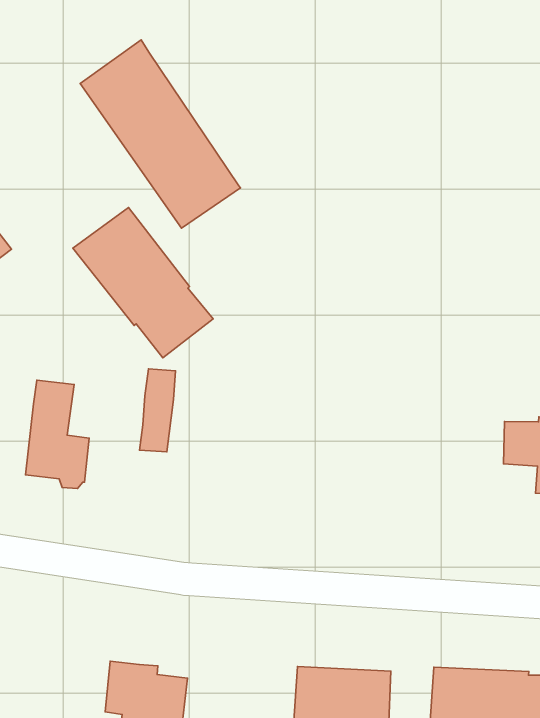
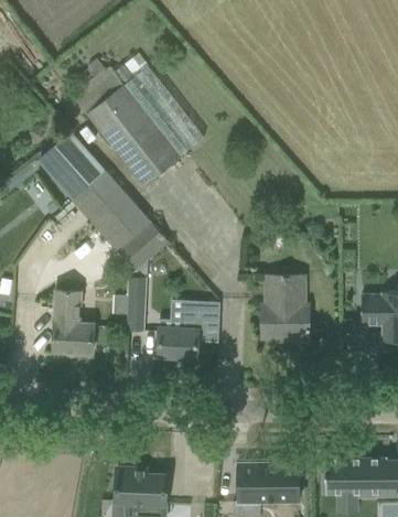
building: none -> [115,67,203,155]
building: none -> [36,132,108,203]
building: none -> [261,274,309,342]
building: none -> [158,301,219,359]

